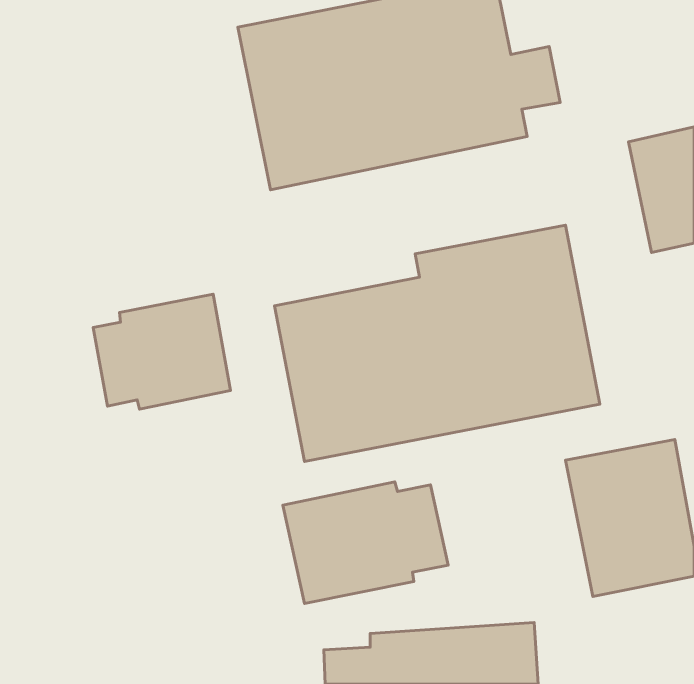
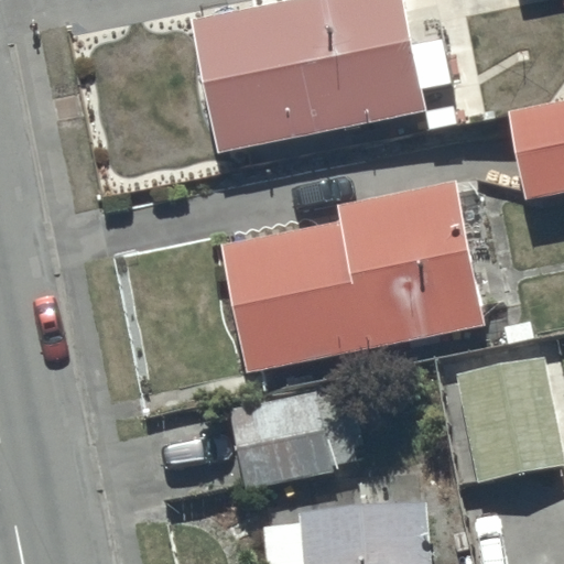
building: [93,294,231,409] -> none

